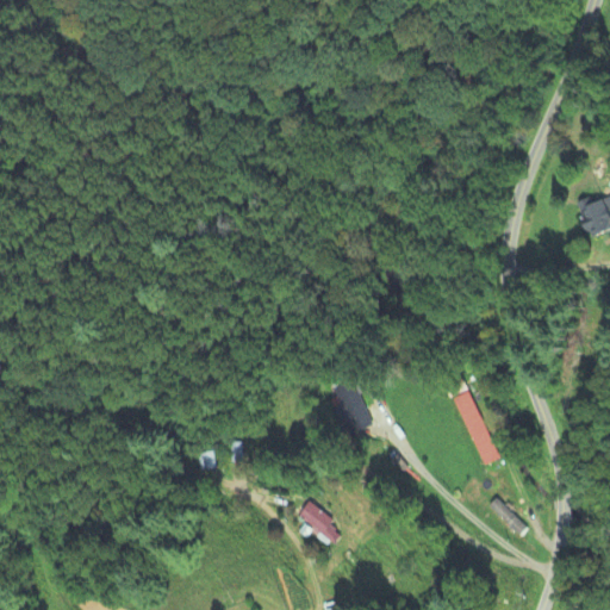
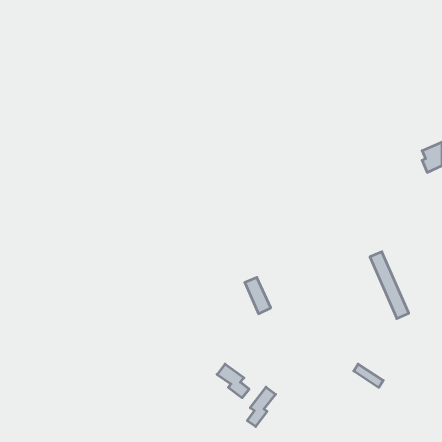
building: [446,374,499,466] -> [370,252,409,319]
building: none -> [247,387,276,427]

